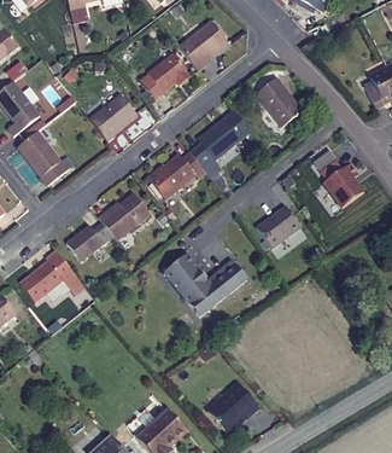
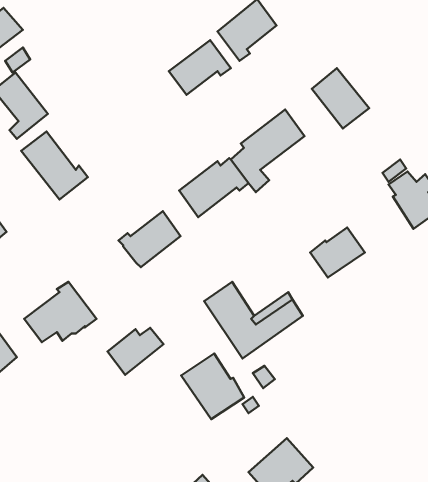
building: [88,93,138,140] -> none
building: [66,222,112,261] -> [107,328,163,375]
building: none -> [181,354,244,419]

